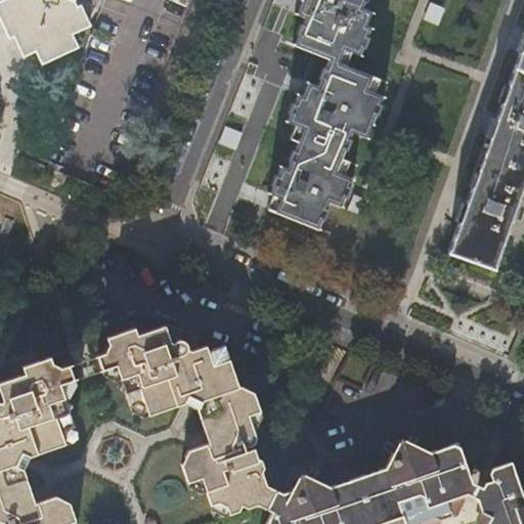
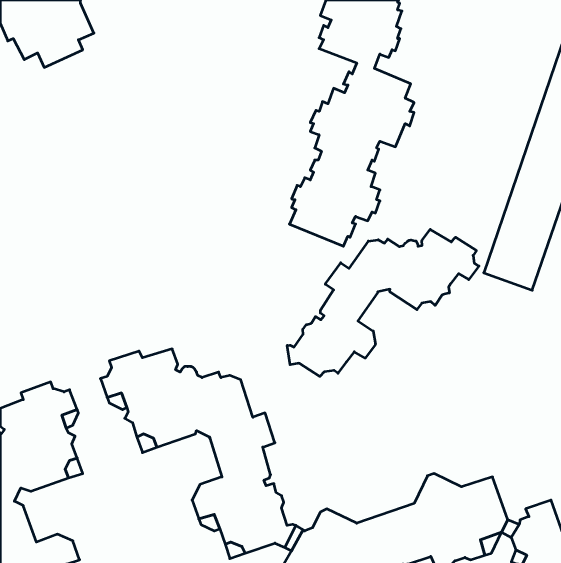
building: none -> [287,229,479,376]

